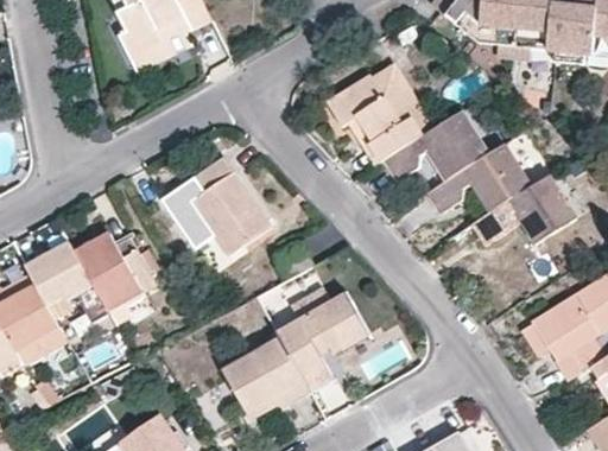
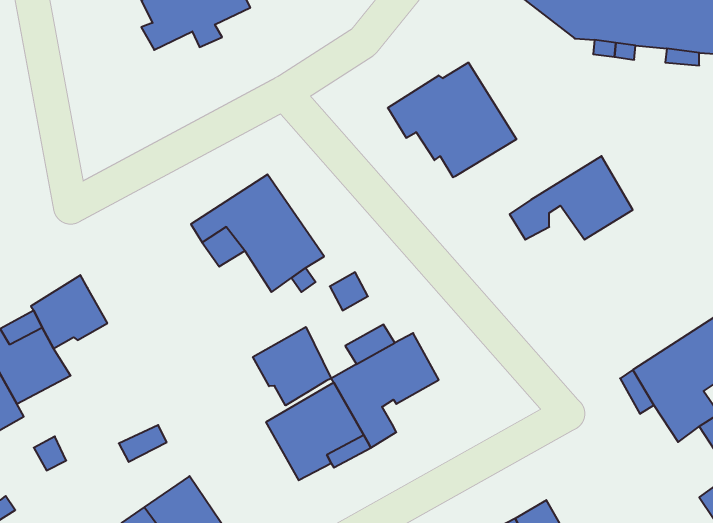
building: [382,112,486,179] -> none
building: [474,176,575,244] -> none
building: [74,233,154,313] -> none
building: none -> [253,327,331,405]

